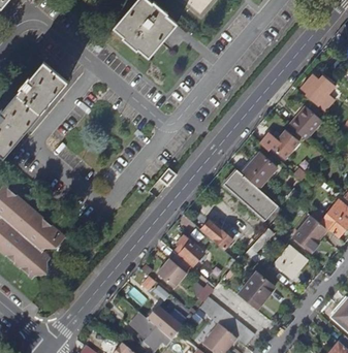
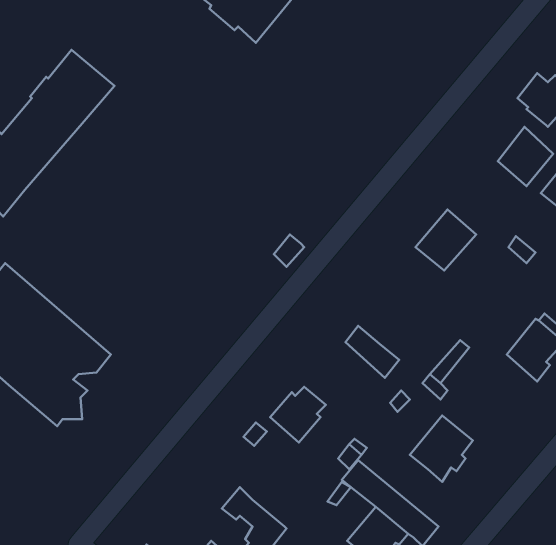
building: [260,130,303,161] -> none
building: [224,169,282,223] -> none
building: [176,234,204,265] -> none
building: [275,245,308,279] -> none
building: [148,307,183,341] -> none

